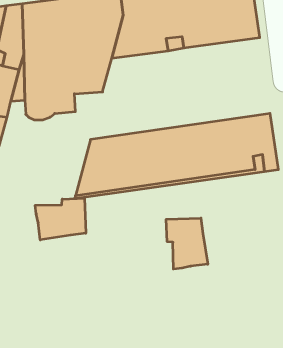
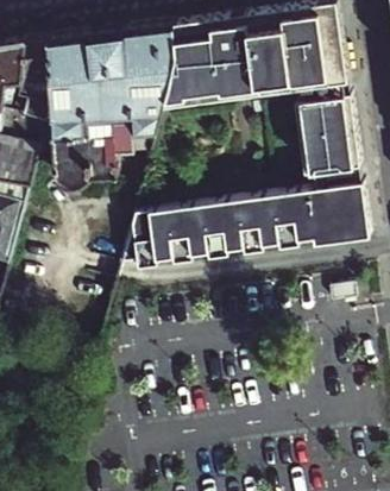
building: none -> [295,99,359,172]
building: [35,198,86,240] -> none
building: [166,218,208,269] -> none

